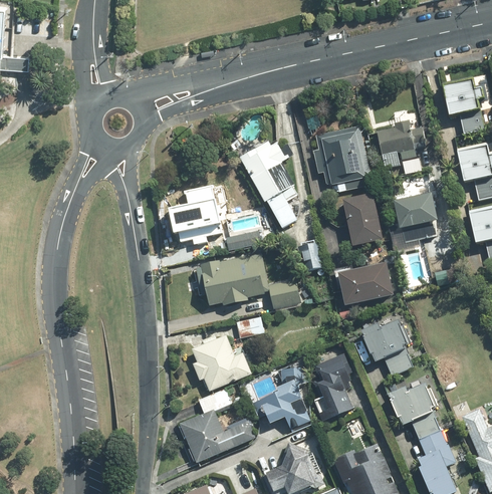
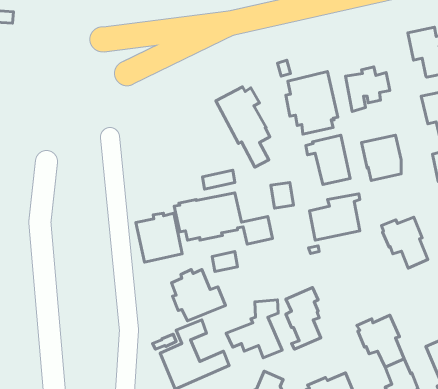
building: [174,191,223,243] -> [136,213,182,262]
building: [363,321,413,376] -> [382,217,428,268]

